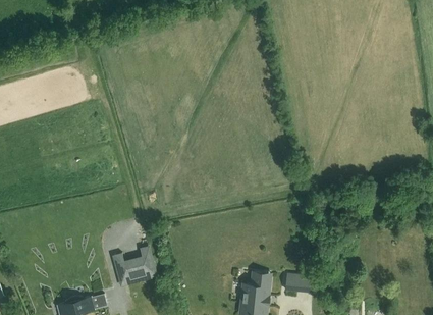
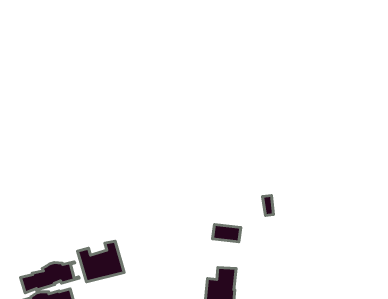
building: none -> [21,262,79,293]
building: [285,275,314,293] -> [213,225,241,242]

